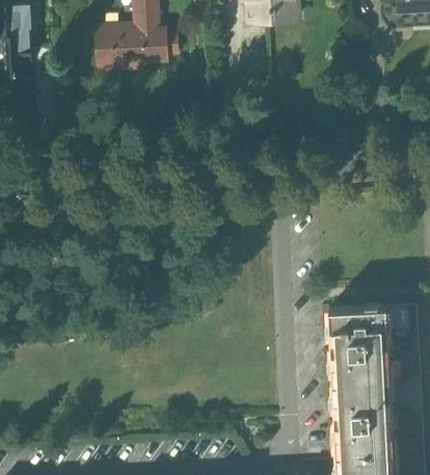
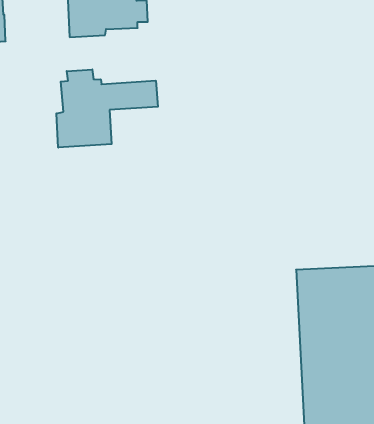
building: none -> [56,69,158,148]

